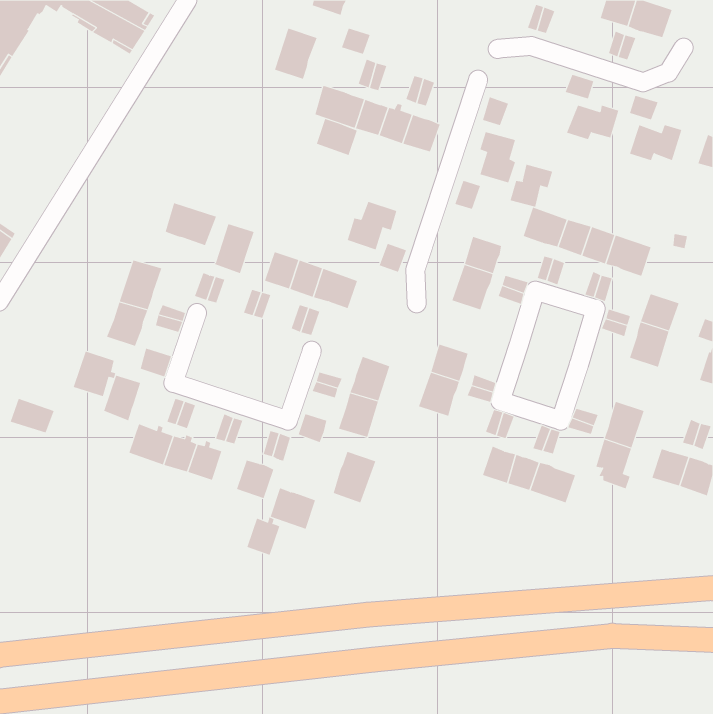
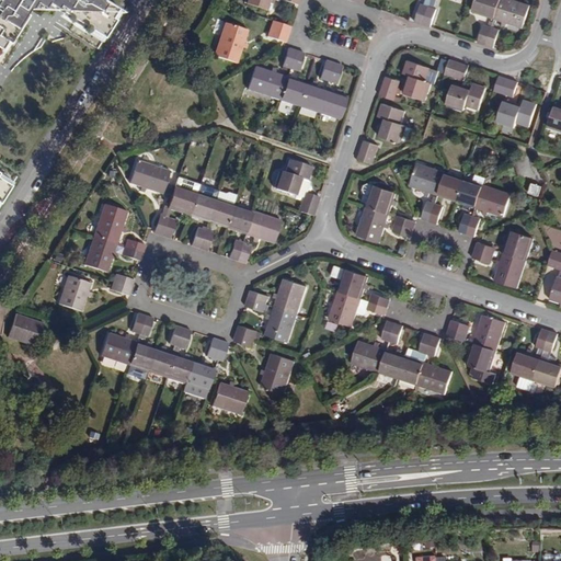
building: none -> [402,55,438,98]
building: [316,118,358,156] -> none
building: [510,164,553,208] -> none
building: none -> [188,192,215,220]
building: [103,375,141,421] -> none
building: none -> [351,341,386,373]
building: [247,517,280,556] -> [167,353,193,383]

